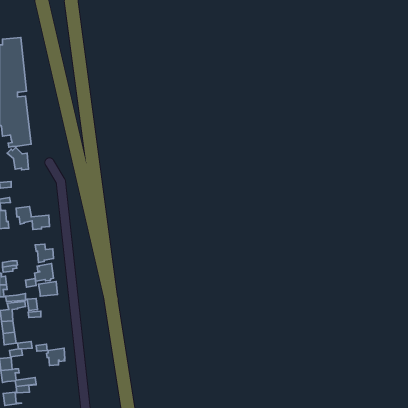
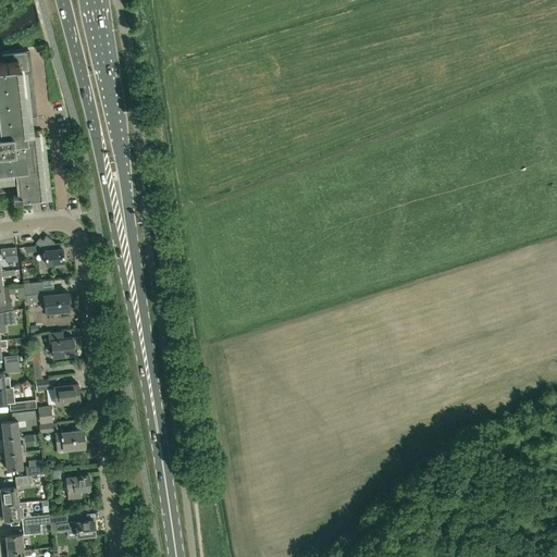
building: [7,147,29,170] -> [34,236,63,267]
building: [34,263,53,281] -> none
building: none -> [54,431,84,451]
building: none -> [54,515,94,540]

